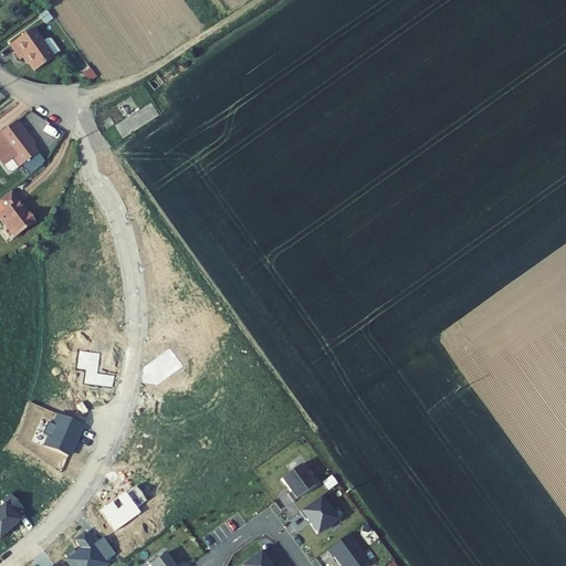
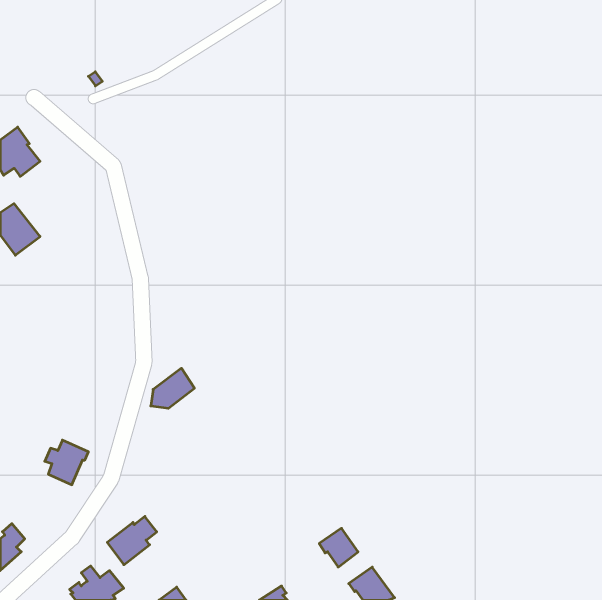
building: [9,27,54,71] -> none
building: [77,349,113,386] -> none
building: [282,464,315,500] -> none

